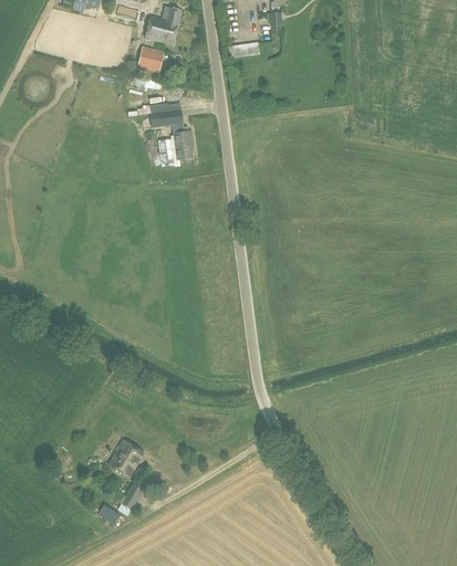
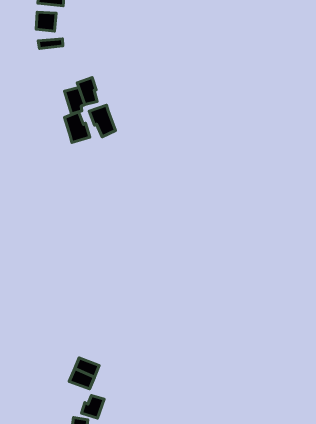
building: [148,104,183,127] -> none
building: none -> [89,105,115,137]
building: none -> [64,112,90,142]

